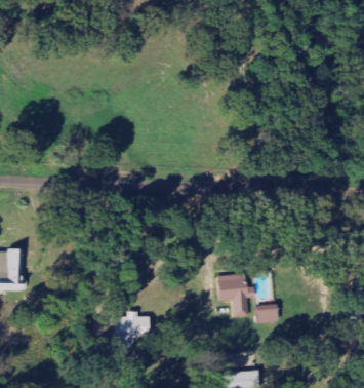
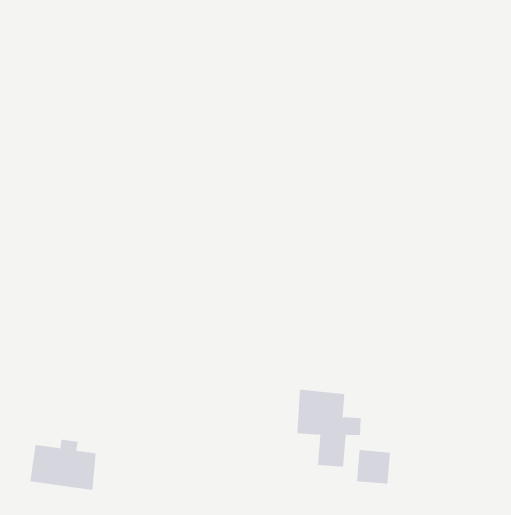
building: [116,311,153,338] -> [30,439,97,490]

